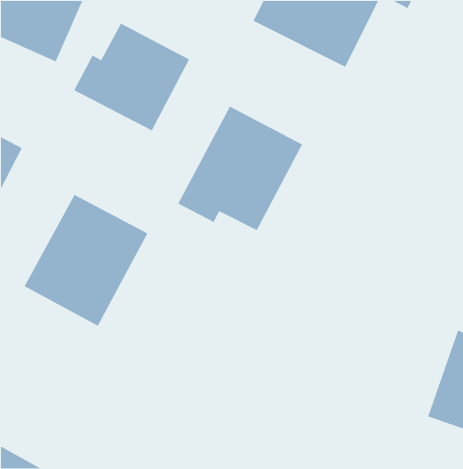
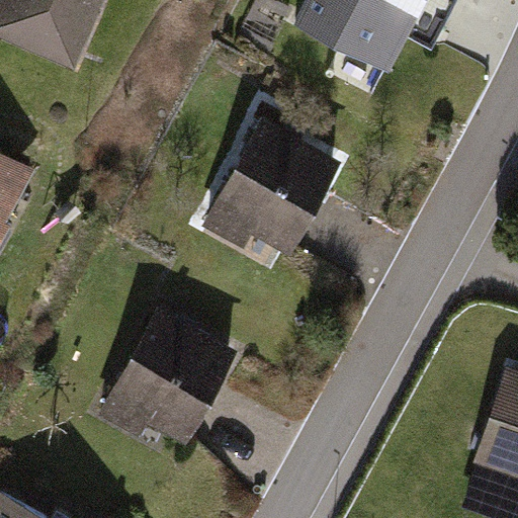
building: [73,23,190,131] -> none
building: [24,194,149,327] -> [101,301,239,448]

